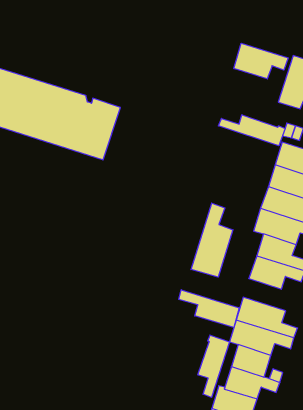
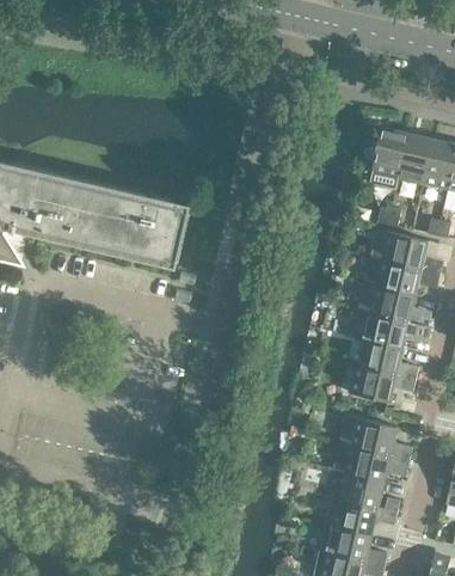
building: [234,43,288,79] -> none
building: [218,115,285,146] -> none
building: [191,203,233,277] -> none
building: [179,290,239,328] -> none
building: [198,335,229,397] -> none

